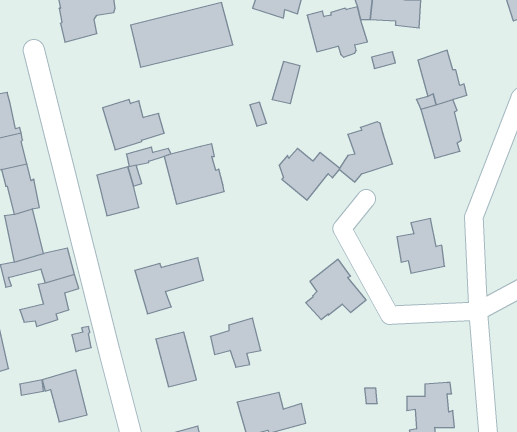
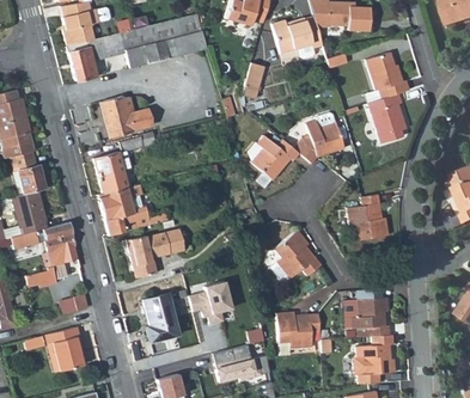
building: none -> [66,31,126,81]
building: [164,144,224,204] -> [97,184,148,235]
building: none -> [343,299,391,338]
building: none -> [276,314,321,350]

